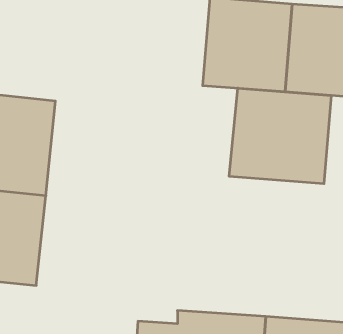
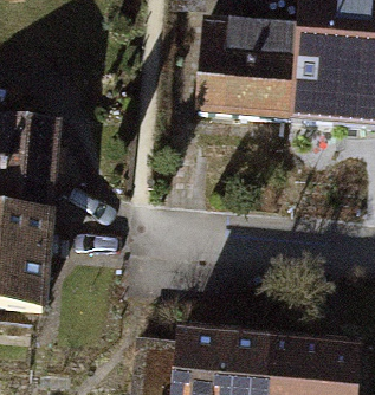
building: [229,88,331,184] -> none

